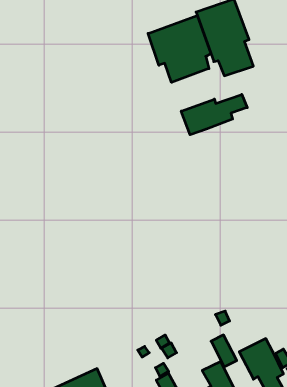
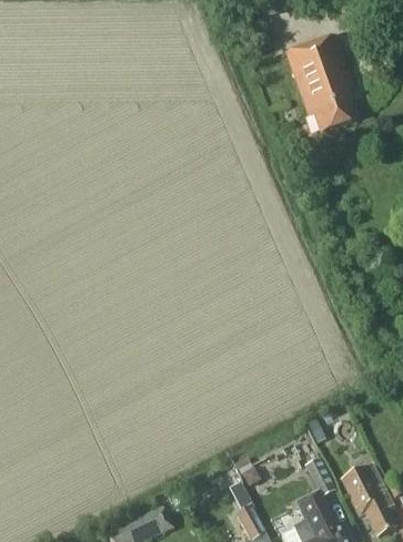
building: [148,16,211,82] -> none
building: [181,94,247,135] -> none

